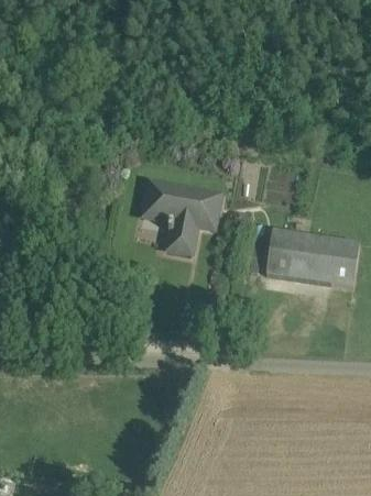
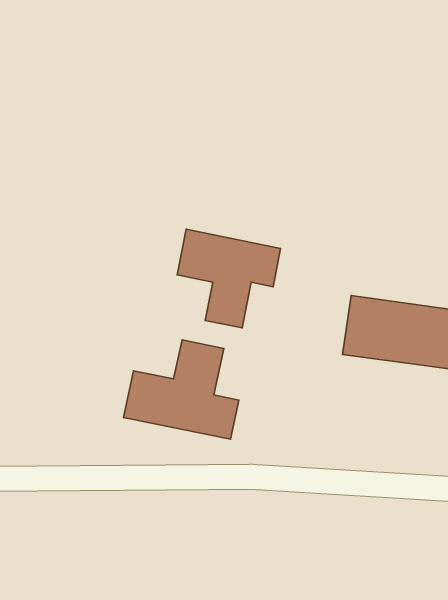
building: none -> [123,340,239,439]

